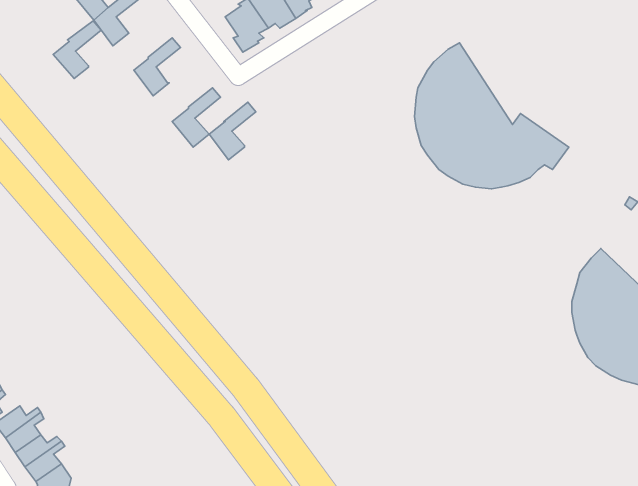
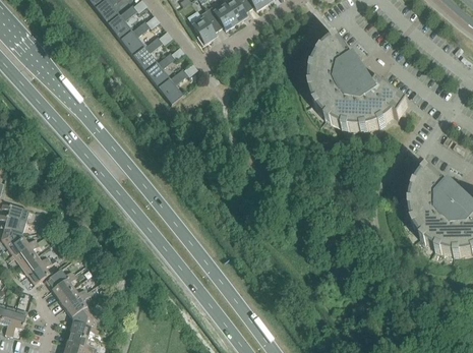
building: [53,21,101,79] -> [120,19,151,56]
building: [209,102,256,160] -> [145,52,175,89]

